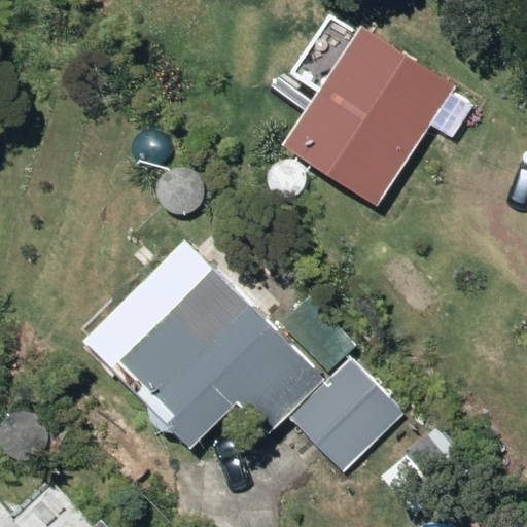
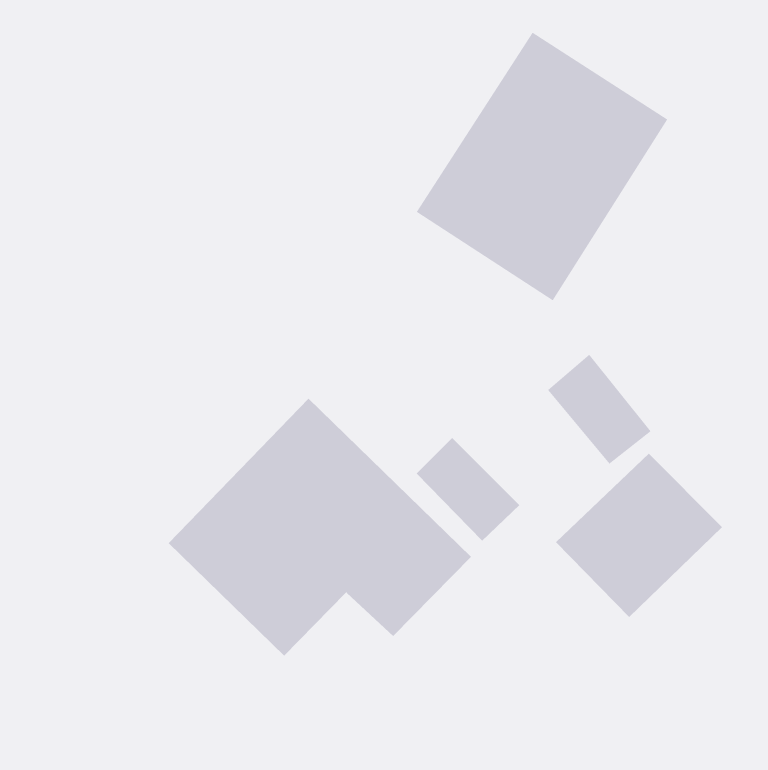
building: [289,358,403,470] -> [555,453,723,618]

